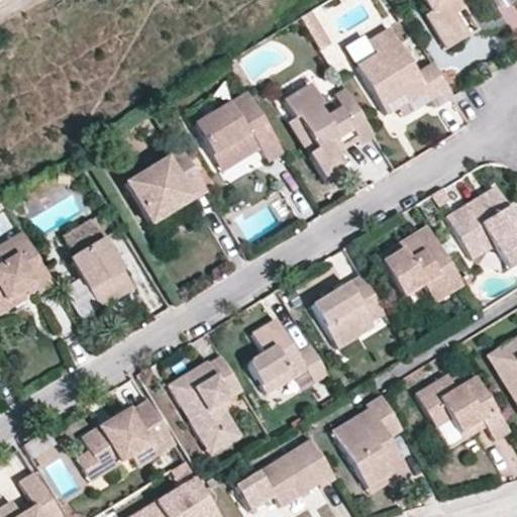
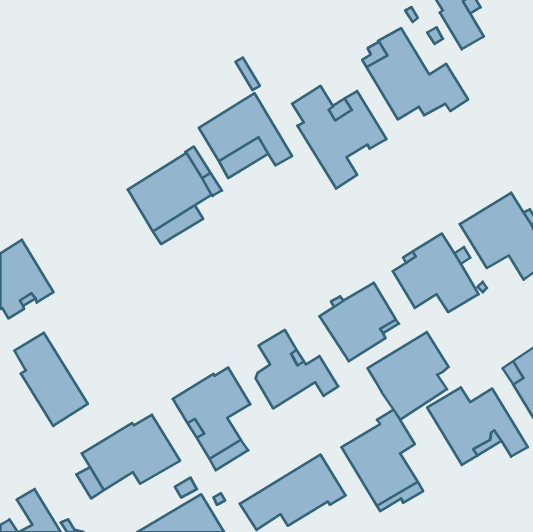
building: [63,219,133,309] -> [14,333,88,426]
building: none -> [368,332,449,419]

